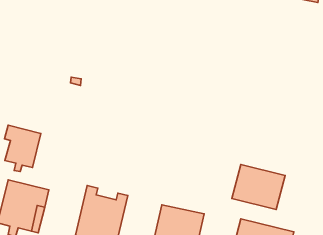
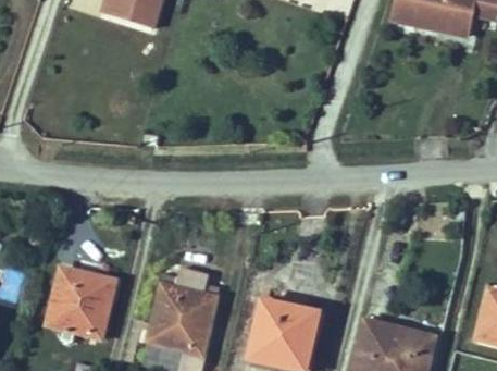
building: [4,125,41,171] -> none
building: [232,165,285,210] -> none

